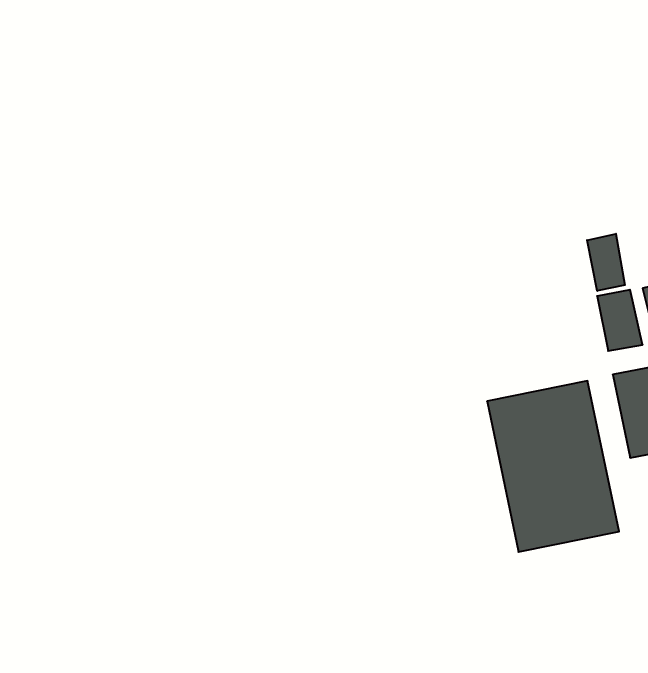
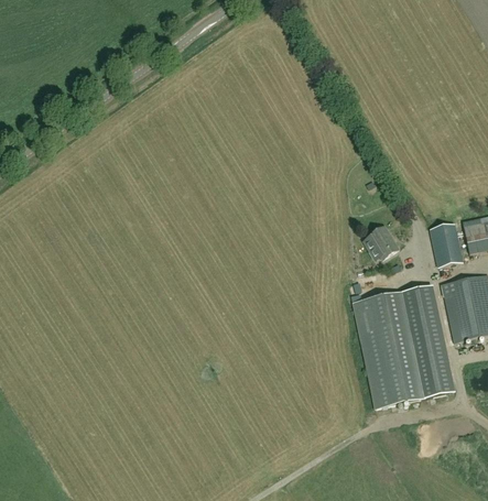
building: [587,234,625,291] -> none
building: none -> [364,224,399,258]

